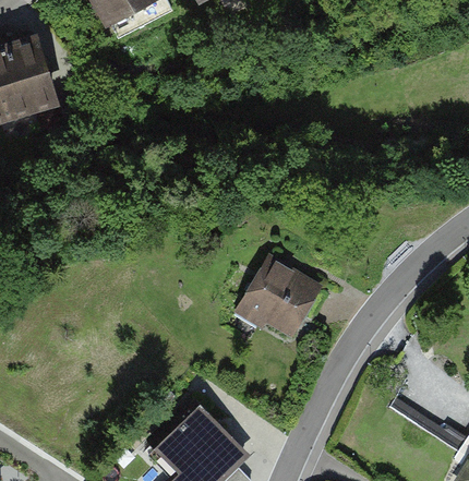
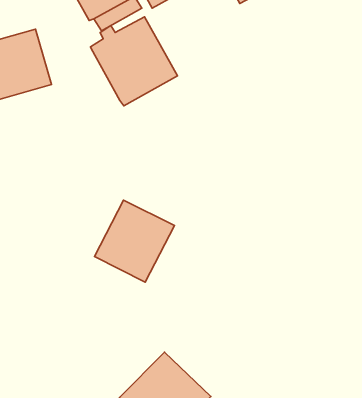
building: none -> [91,17,178,106]
building: [232,248,325,342] -> [94,200,174,282]

